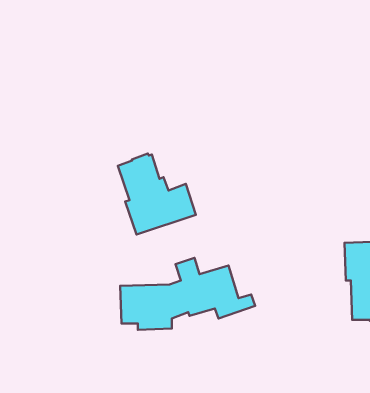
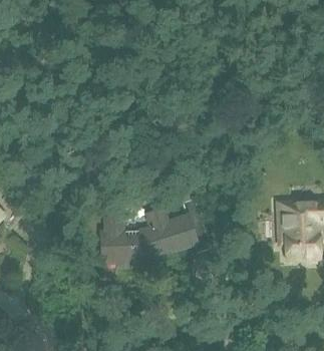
building: [118,153,196,235] -> none

